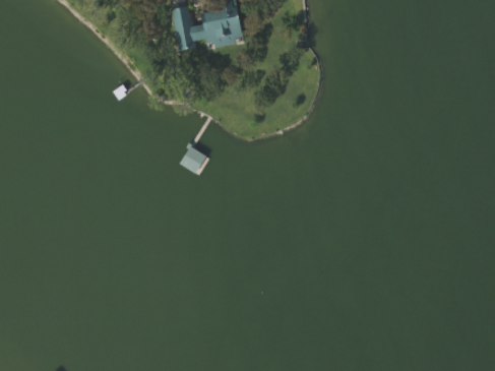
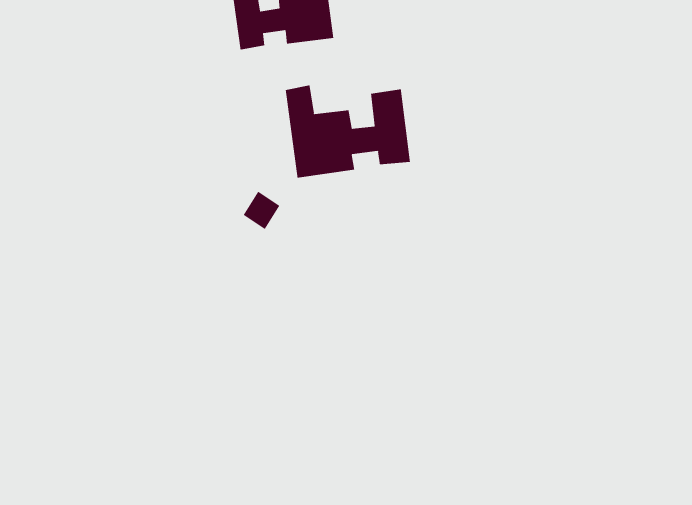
building: none -> [285,85,411,178]

